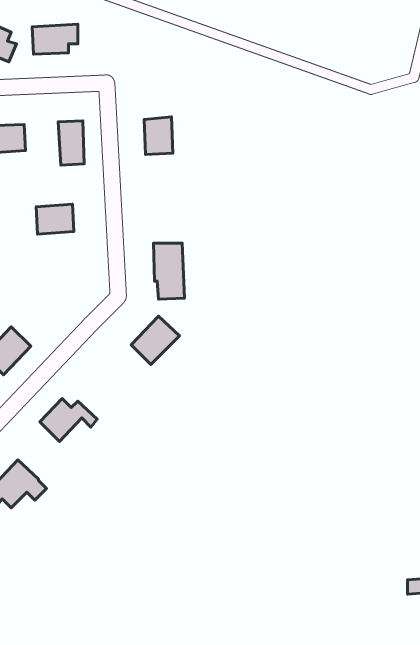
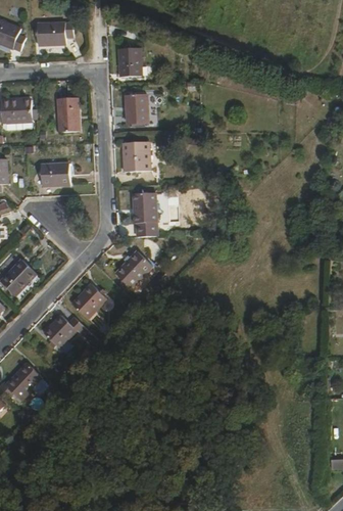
building: none -> [118,47,142,77]
building: none -> [122,141,150,172]
building: none -> [72,283,107,319]

